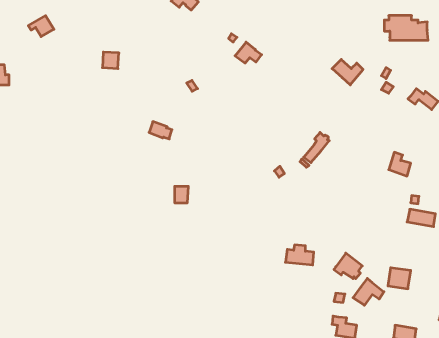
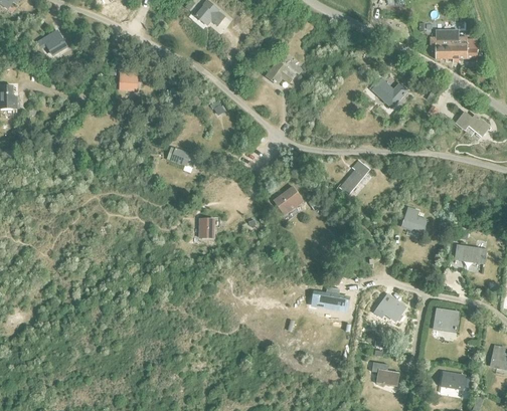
building: [389,152,411,176] -> [402,207,427,233]
building: none -> [277,186,304,212]
building: [353,278,384,305] -> none

